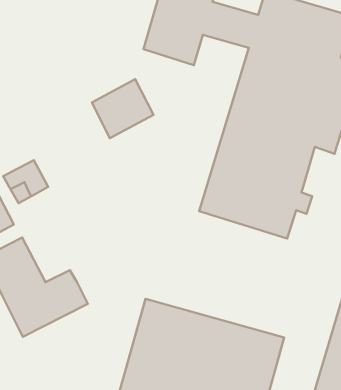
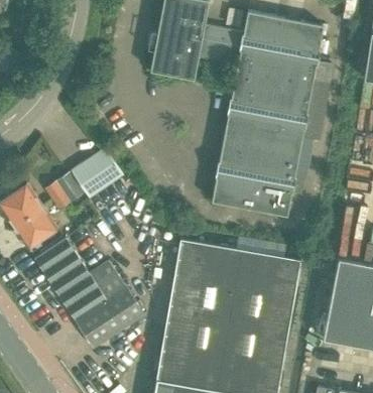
building: [92,79,153,138] -> [72,148,124,200]
building: none -> [174,239,300,299]
building: none -> [76,288,145,350]

